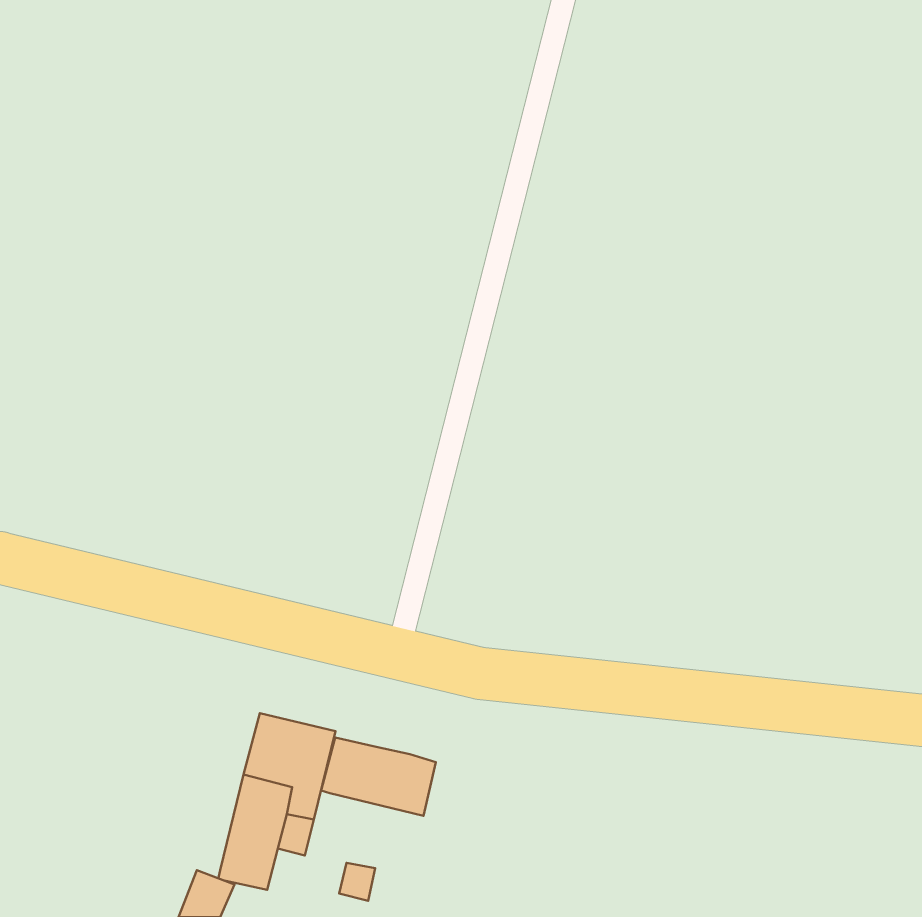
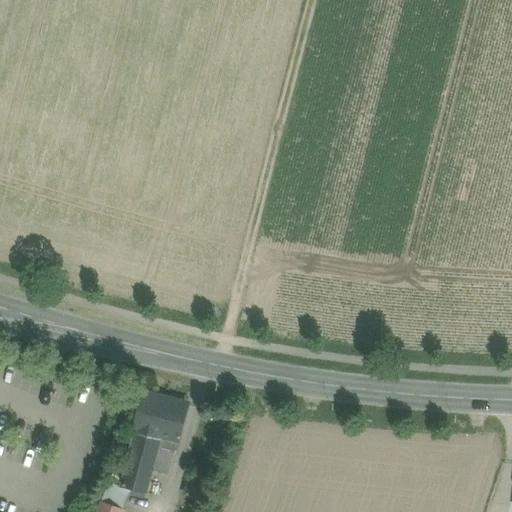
building: [321,737,436,816] -> none

